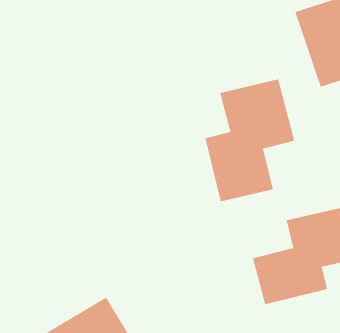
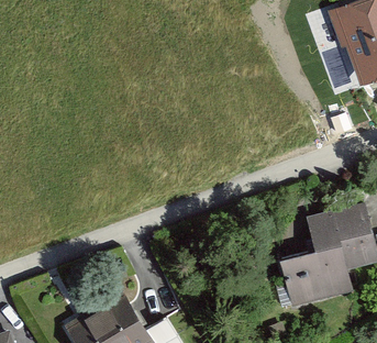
building: [205,78,295,202] -> none

